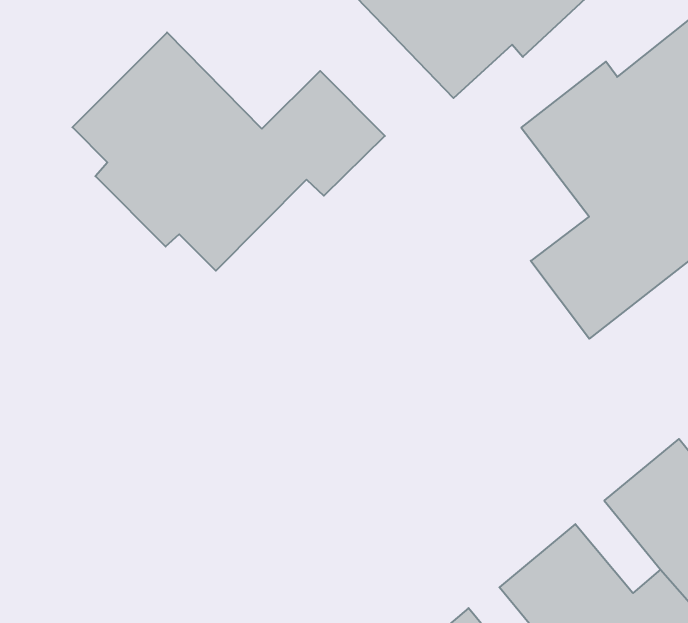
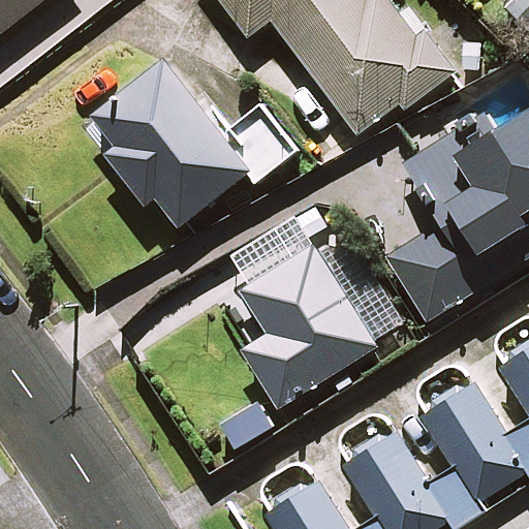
building: none -> [241,245,406,409]

